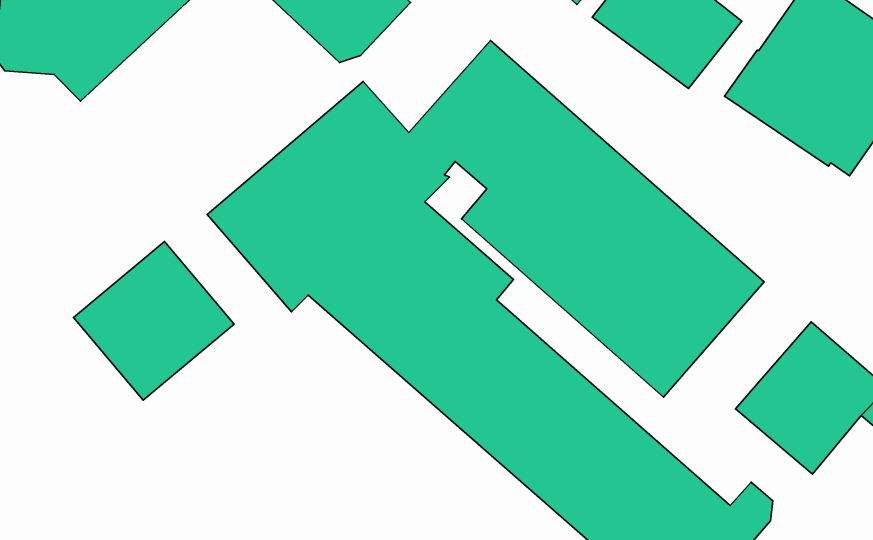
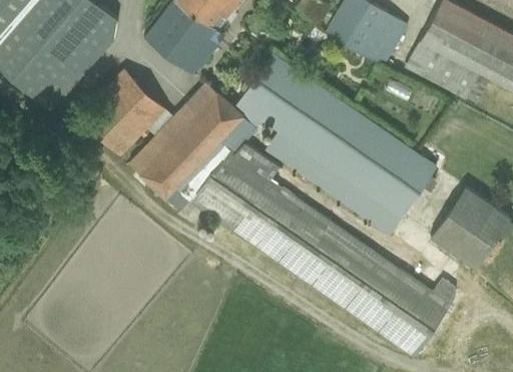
building: [73,241,234,400] -> [78,69,166,157]

